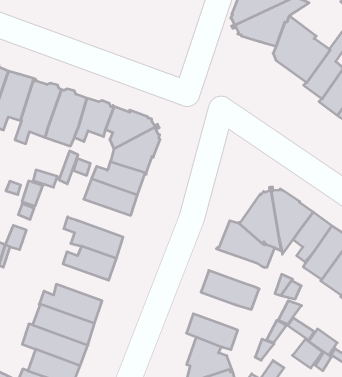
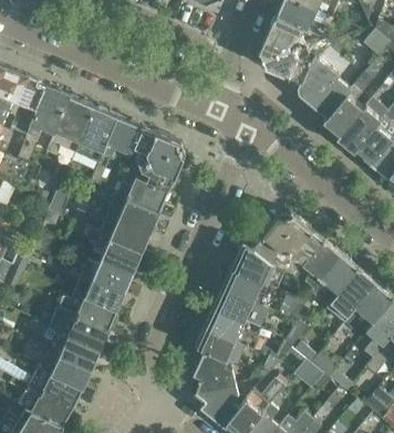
building: none -> [100,212,151,251]
building: none -> [220,268,271,307]
building: none -> [75,272,125,309]
building: none -> [203,308,262,352]

